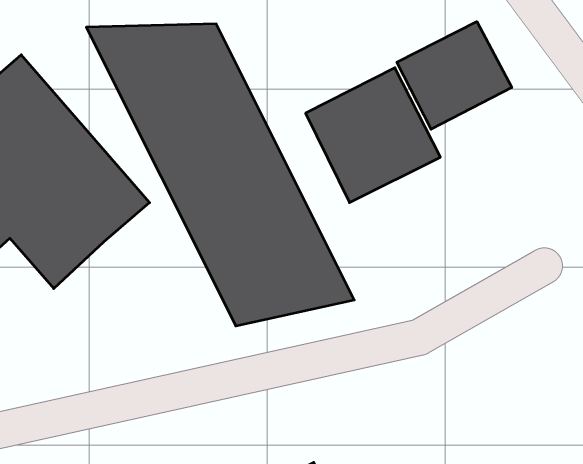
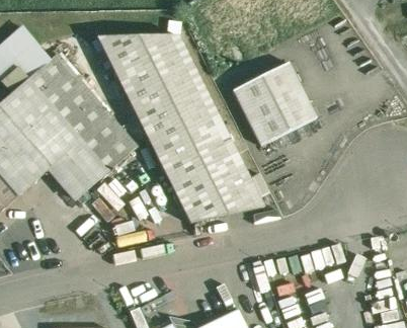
building: [397,22,512,129] -> none

